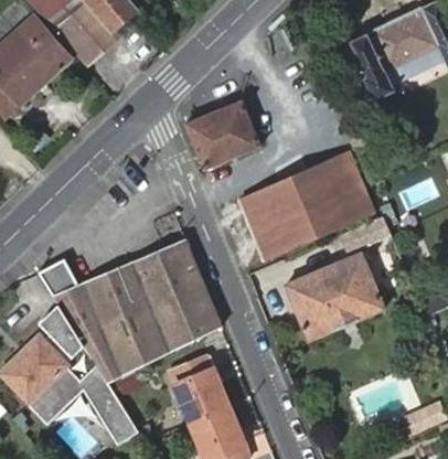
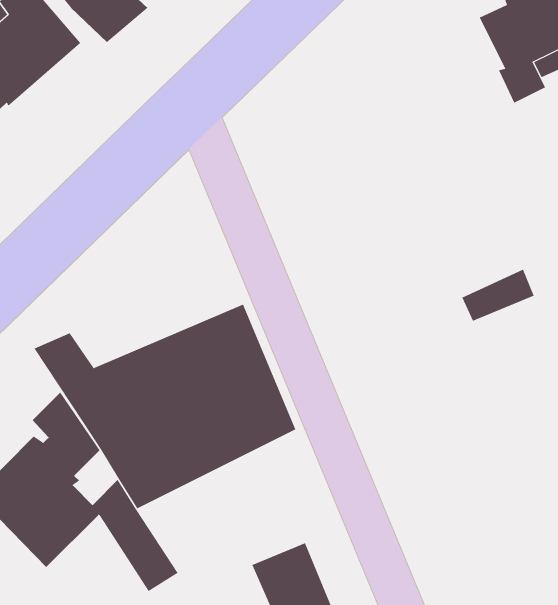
building: [185,100,260,182] -> none
building: [236,152,367,259] -> none
building: [285,252,382,341] -> none
building: [171,356,228,421] -> none

